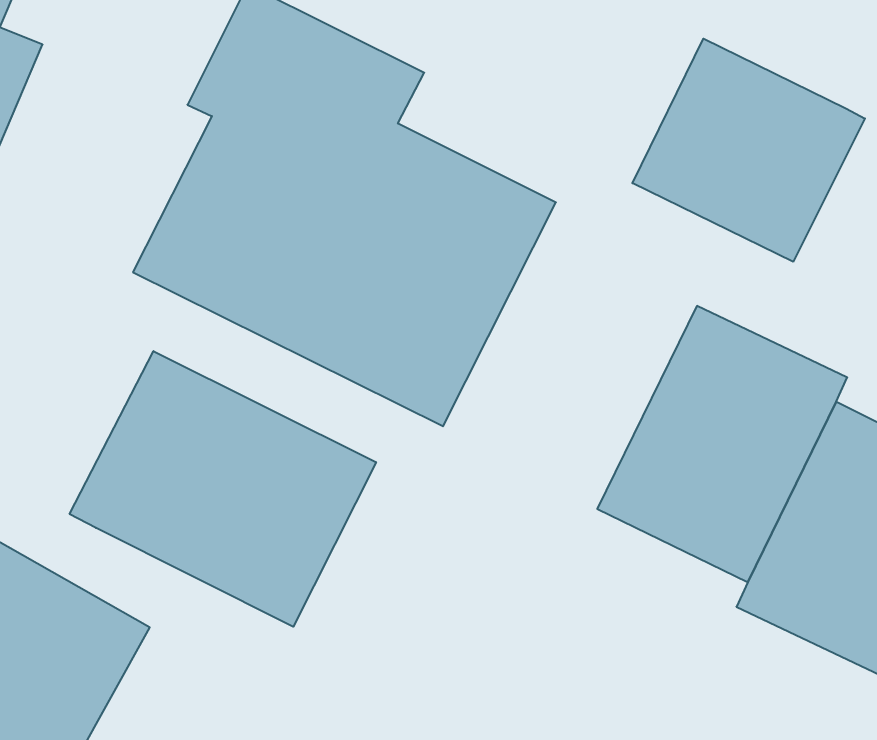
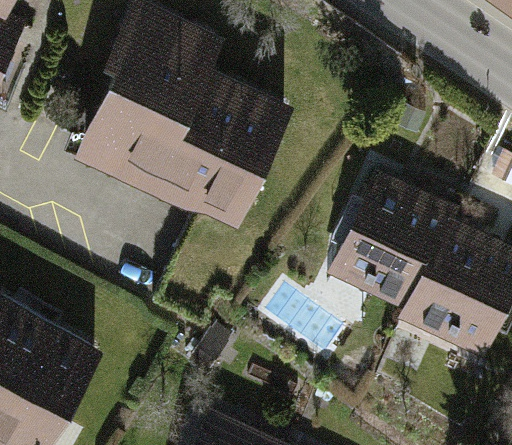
building: [632,39,865,262] -> none
building: [70,351,376,627] -> none

